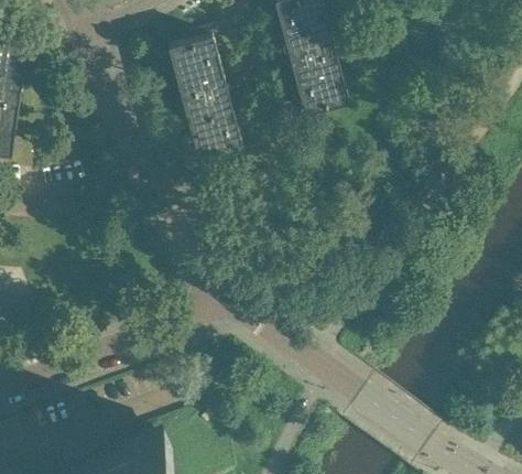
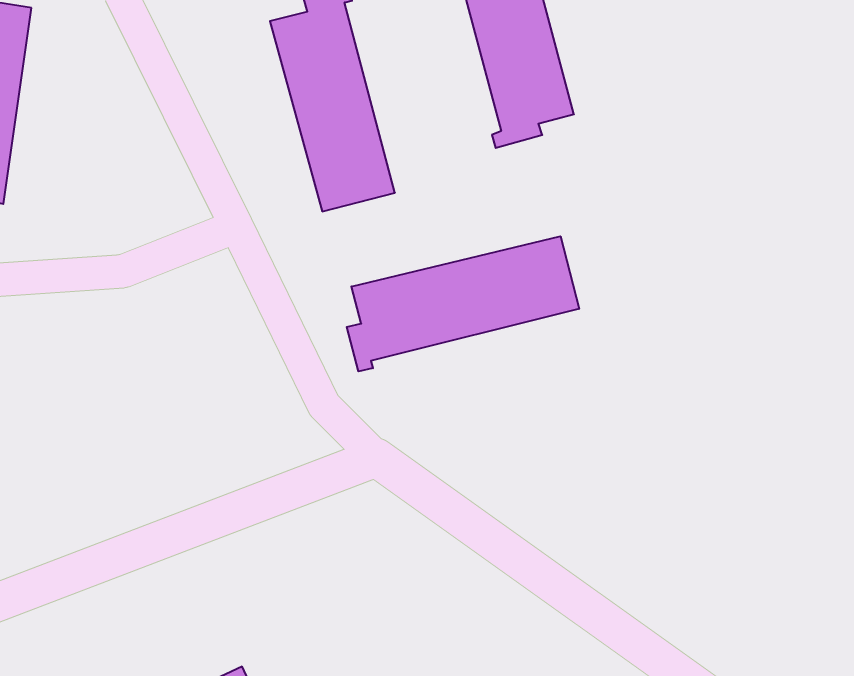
building: none -> [347,236,579,371]

